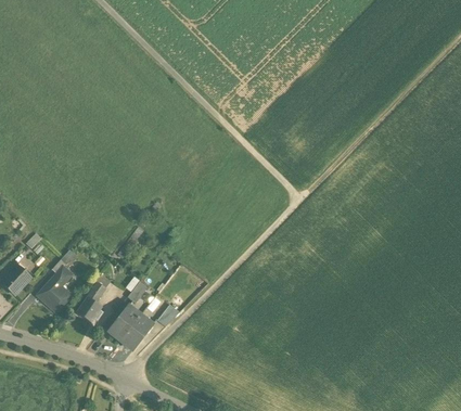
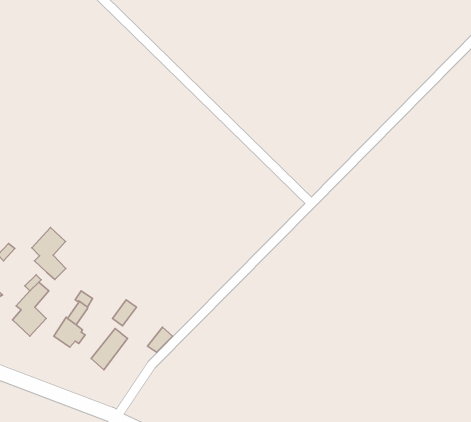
building: none -> [32,228,66,279]
building: [119,314,153,350] -> none

